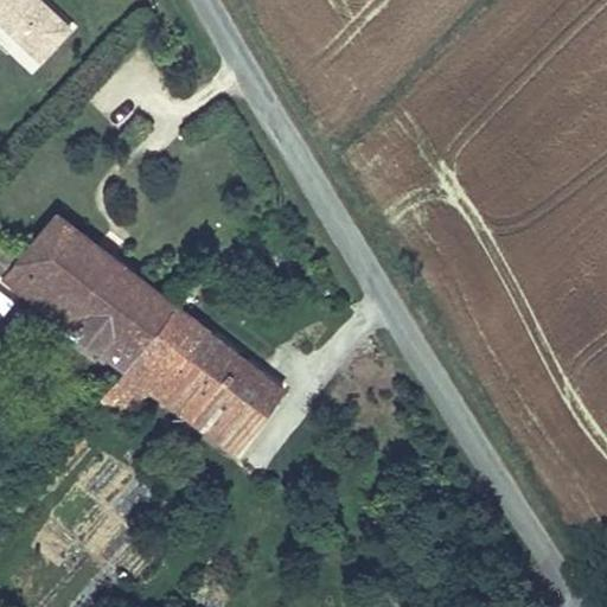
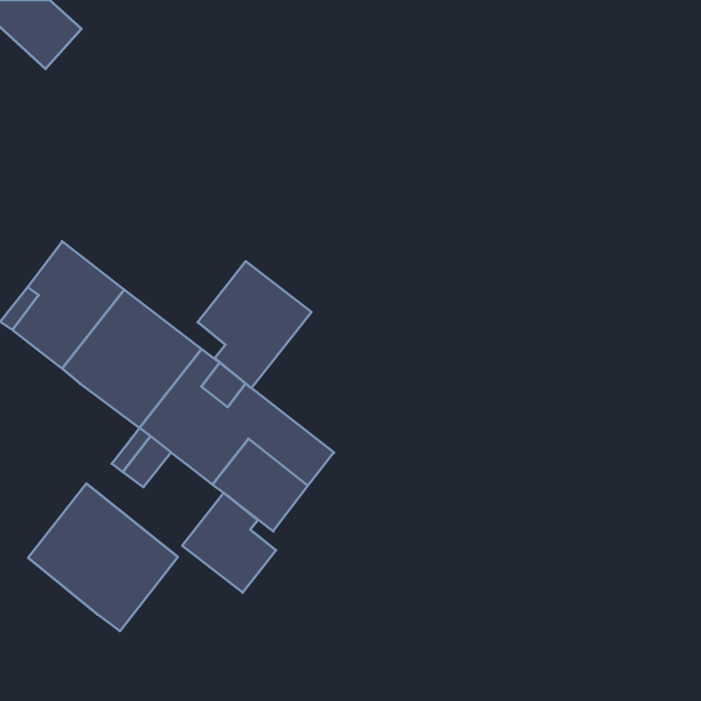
building: none -> [198,261,311,388]
building: none -> [28,484,178,631]
building: none -> [182,493,276,593]

